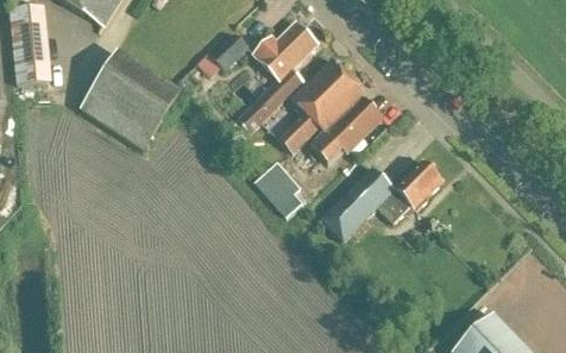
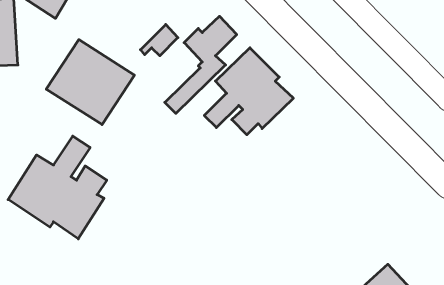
building: [321,159,442,241] -> none
building: [254,160,302,216] -> none
building: none -> [8,136,107,239]

